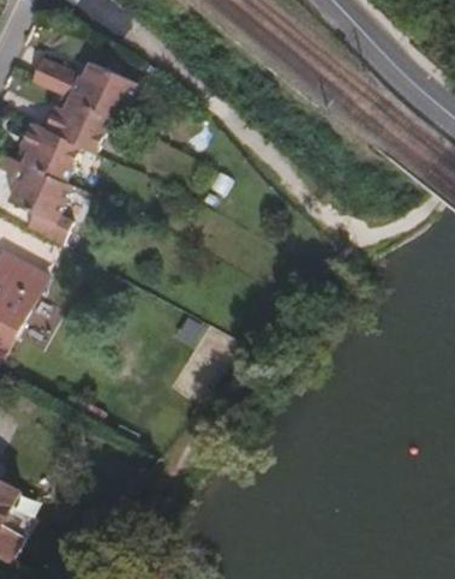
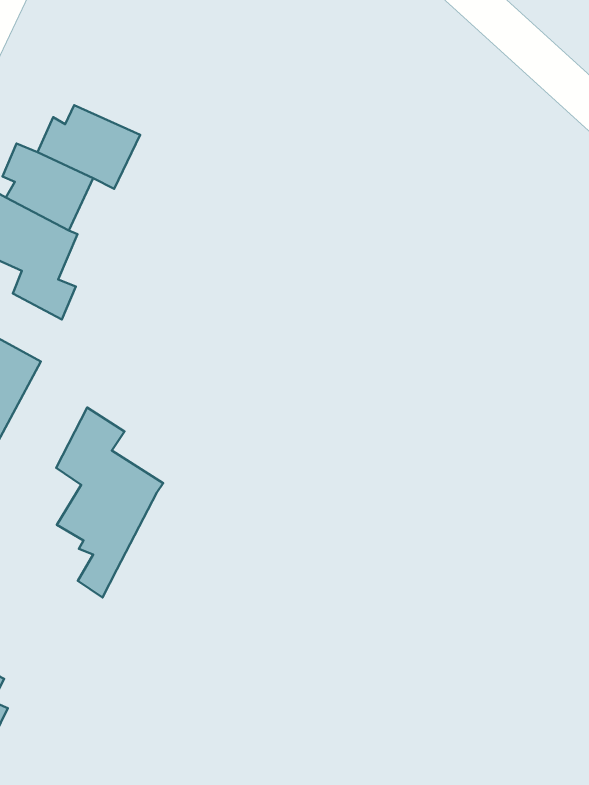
building: [31,54,137,121] -> none
building: none -> [56,408,163,598]

